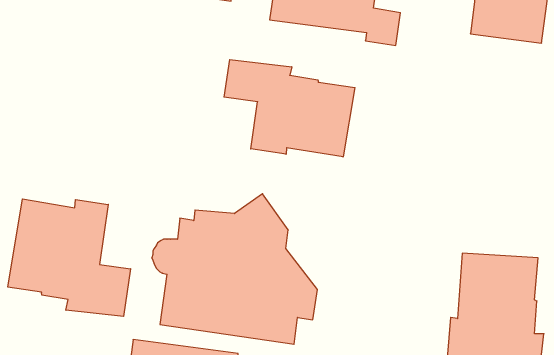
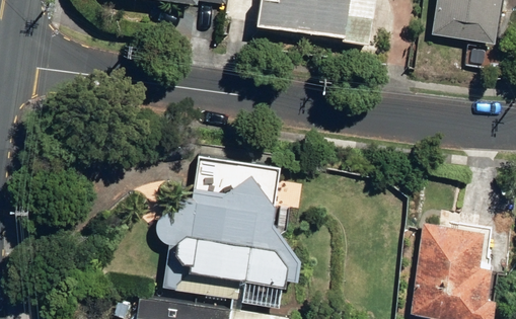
building: [224,60,355,157] -> none
building: [8,199,131,316] -> none

